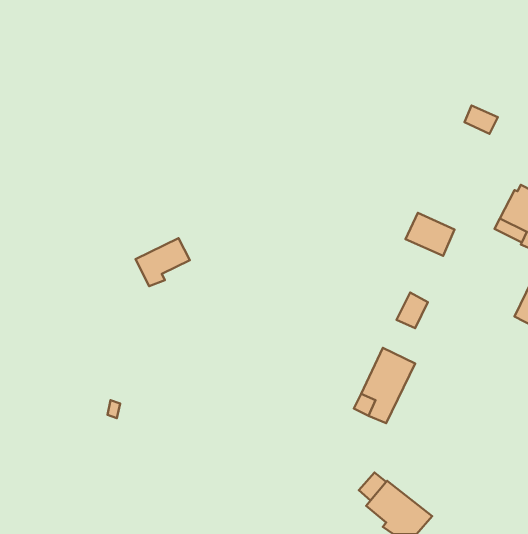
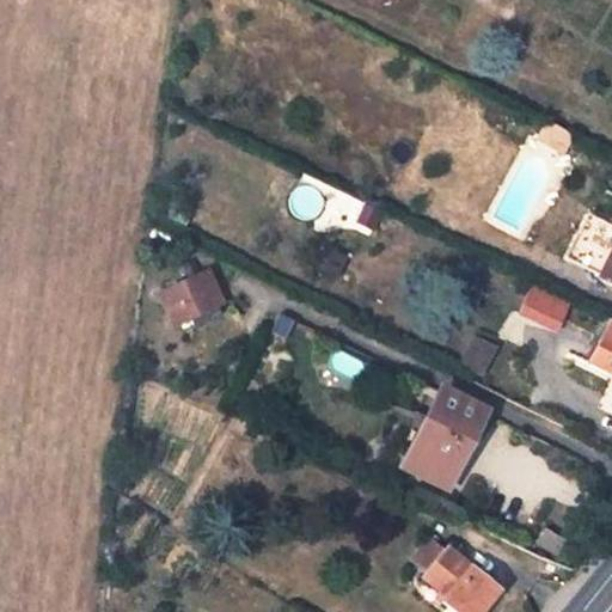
building: [405,213,454,256] -> [516,282,573,331]

